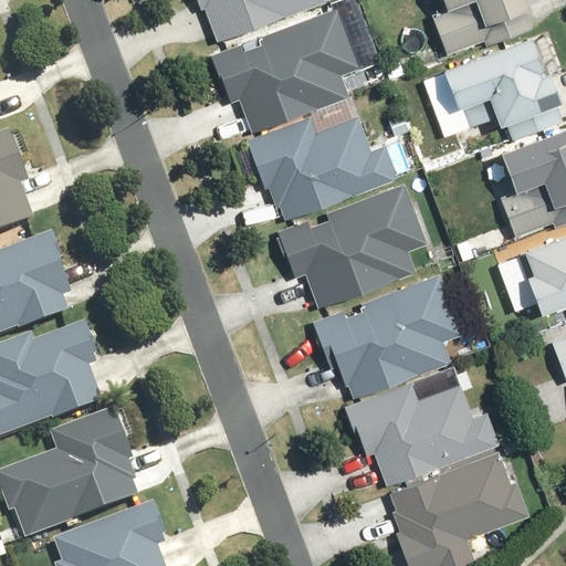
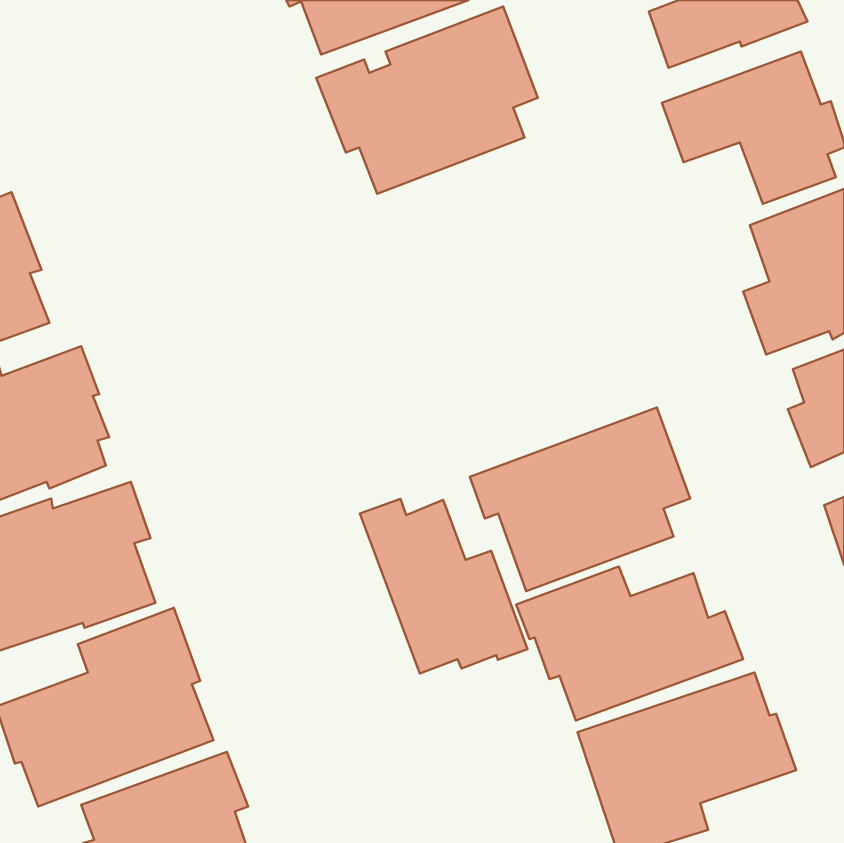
building: [247,115,397,218] -> none
building: [279,185,424,306] -> none
building: none -> [360,499,528,673]

